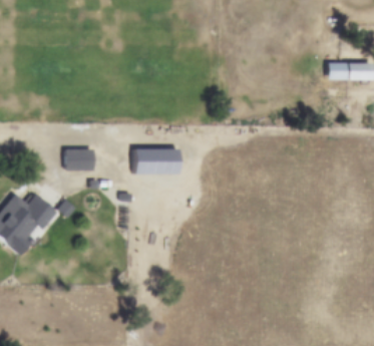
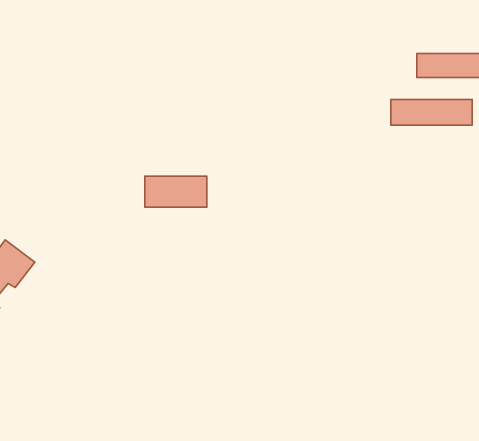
building: none -> [391,100,472,125]
building: [65,149,93,170] -> none

